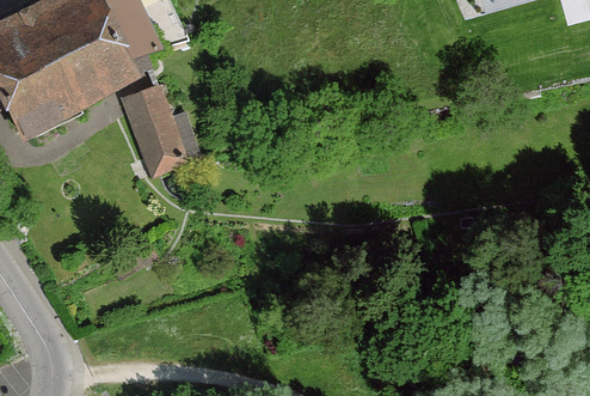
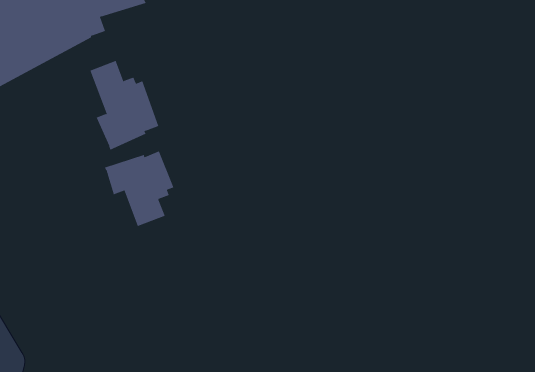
building: none -> [104,151,174,227]

